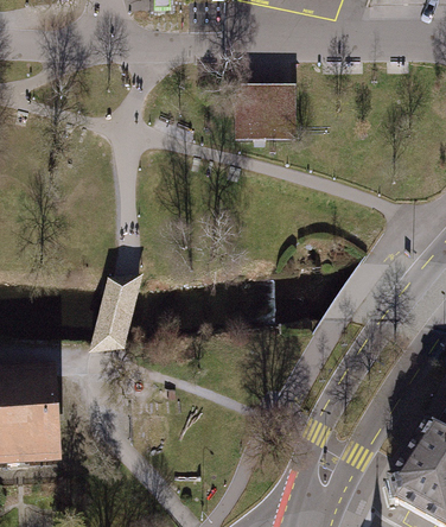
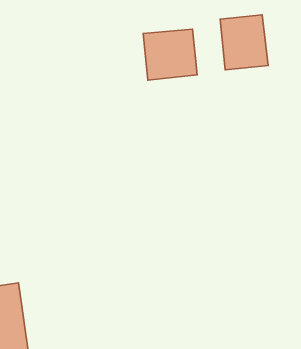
building: none -> [220,15,268,70]

